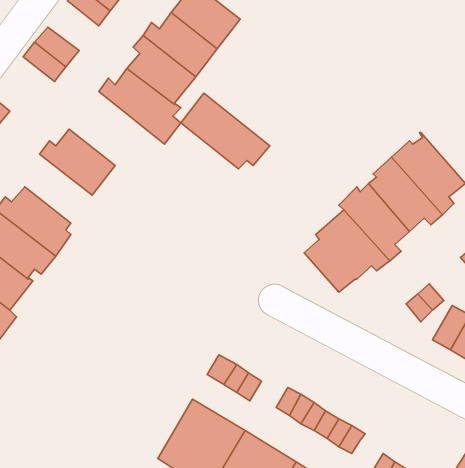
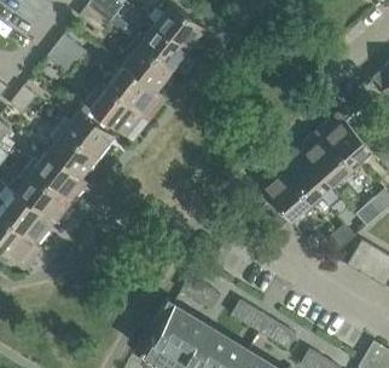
building: [181,93,270,169] -> [85,82,150,138]
building: none -> [47,128,97,179]

